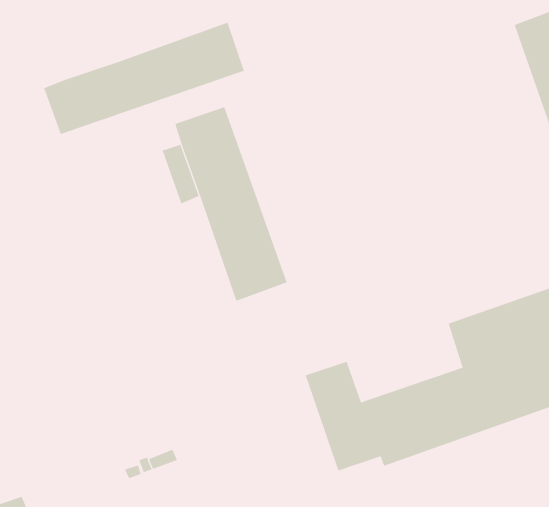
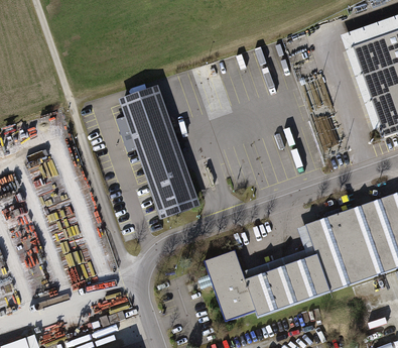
building: [44,22,244,135] -> none

